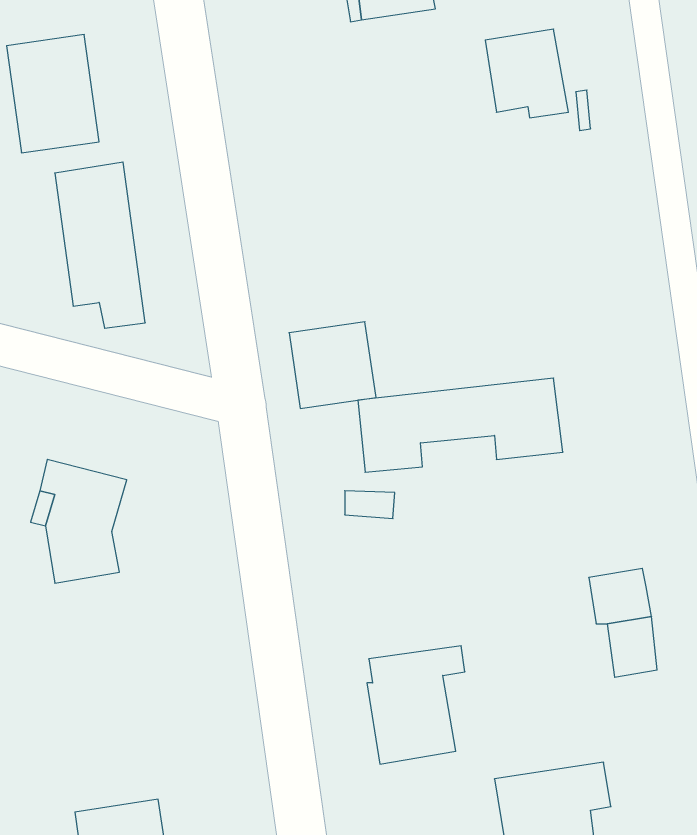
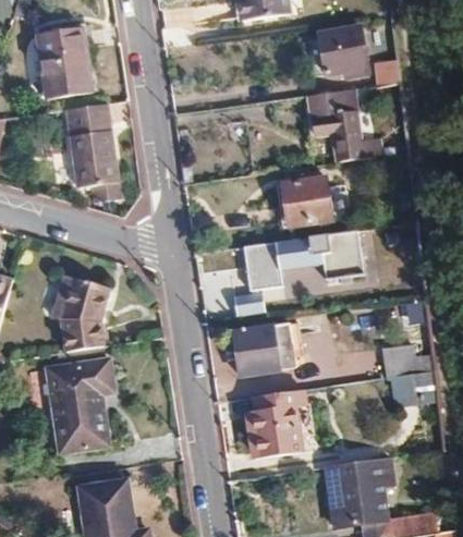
building: none -> [308,90,382,162]
building: [289,322,376,408] -> [280,175,331,227]
building: none -> [232,322,294,376]
building: none -> [46,358,113,452]

